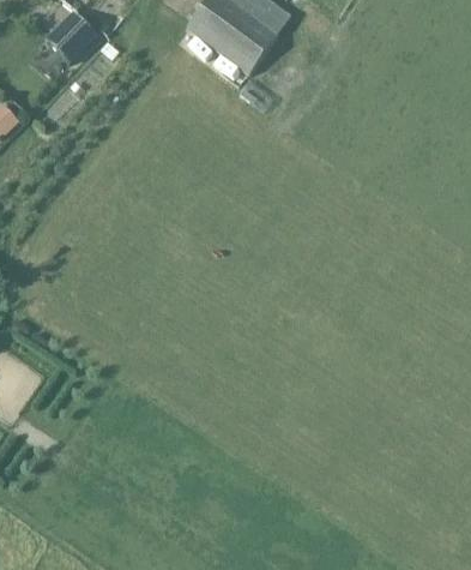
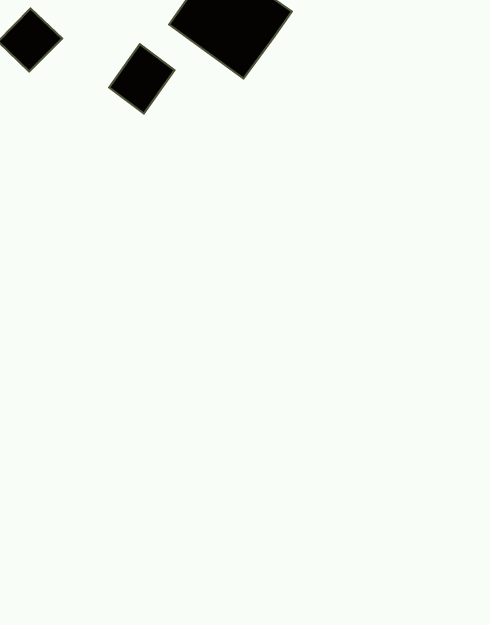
building: none -> [109,44,175,113]

